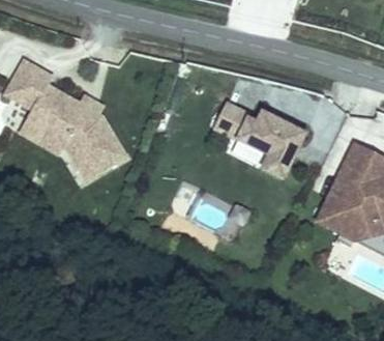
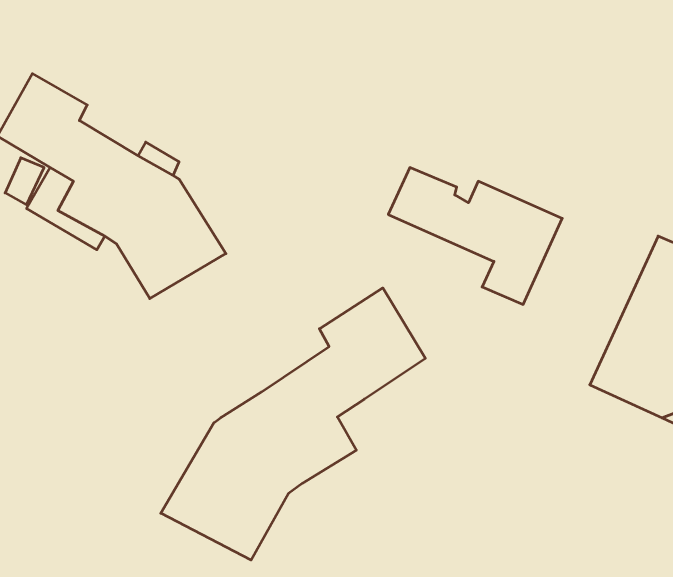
building: none -> [161,288,425,560]

